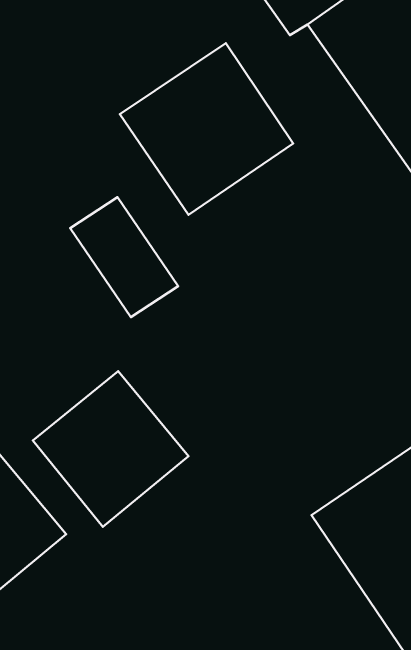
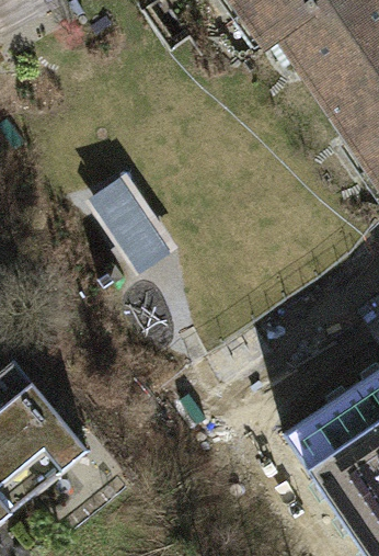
building: [120,43,293,215] -> none
building: [33,371,188,527] -> none

